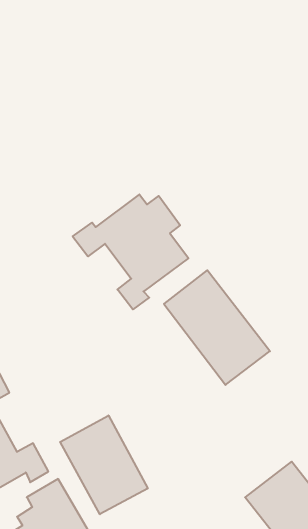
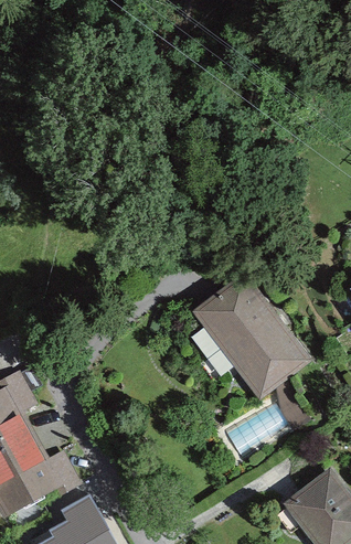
building: [73,194,188,309] -> none
building: [60,415,148,514] -> none

